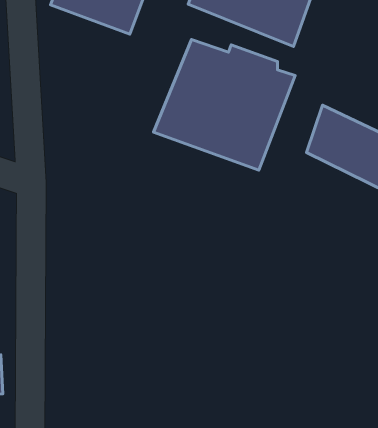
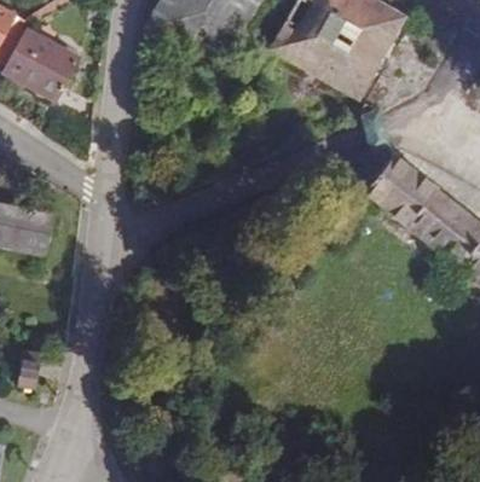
building: [154,39,295,170] -> none

